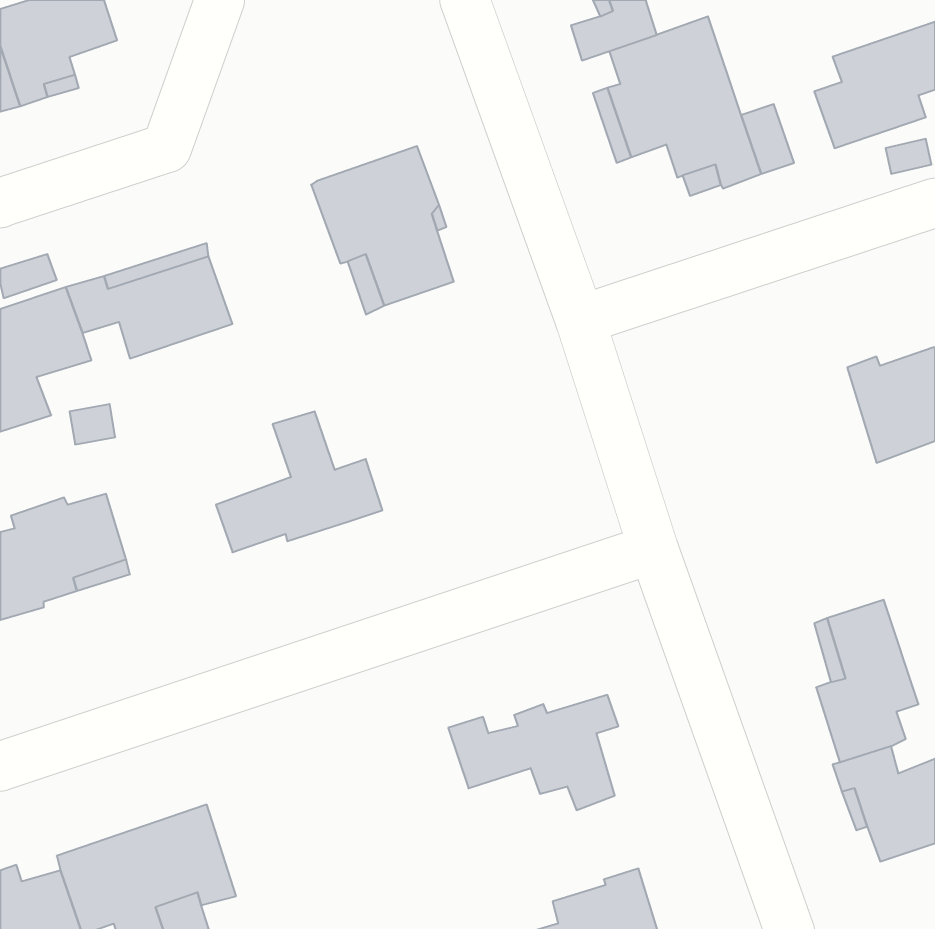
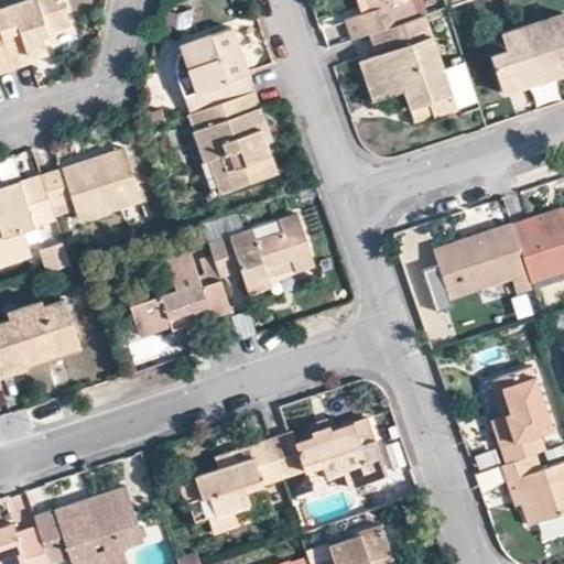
building: none -> [175,29,251,112]
building: none -> [208,215,313,293]
building: none -> [431,225,530,299]
building: none -> [176,442,282,535]

